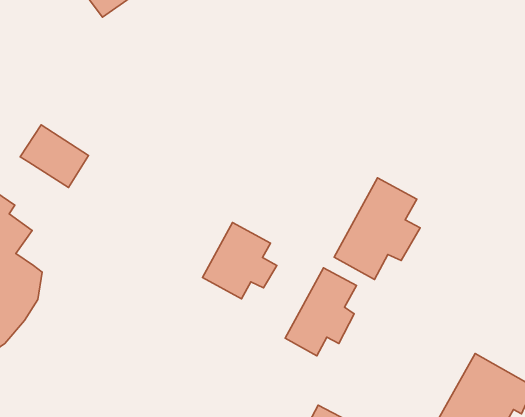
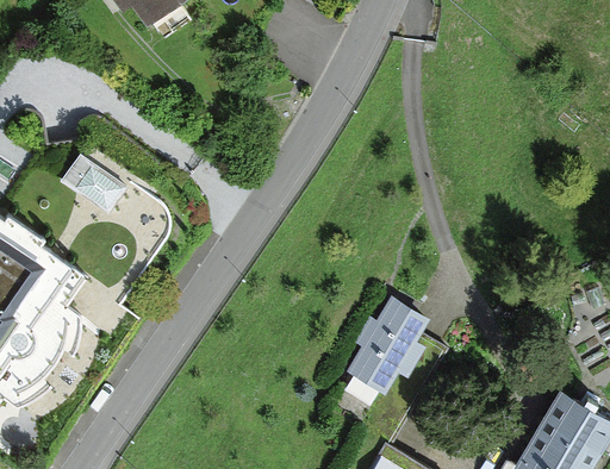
building: [334,178,420,279] -> none
building: [203,222,277,299] -> none

